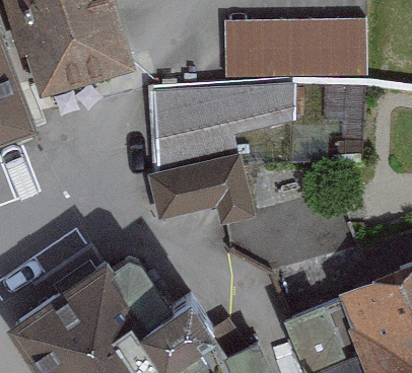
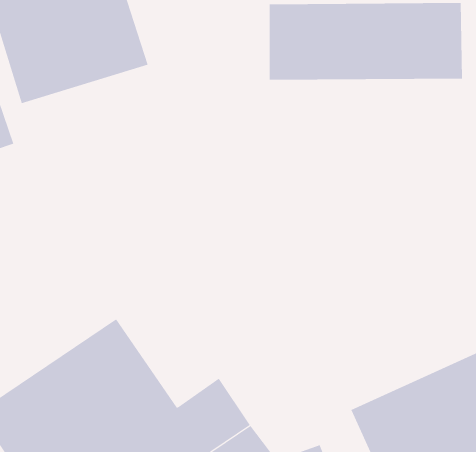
building: [150,89,291,168] -> none
building: [148,157,252,223] -> none

